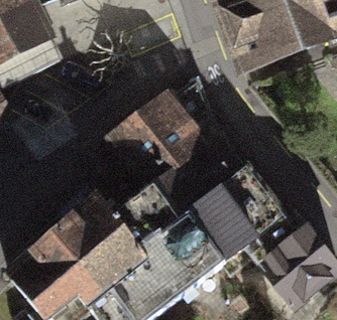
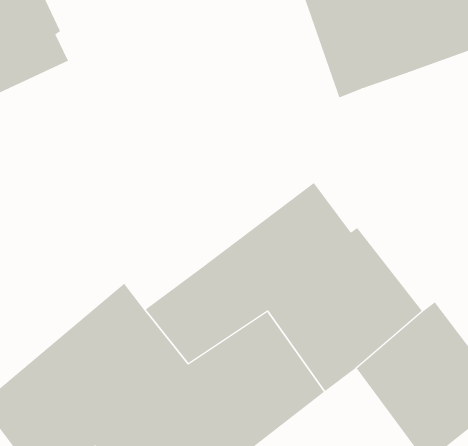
building: [106,66,219,185] -> none

